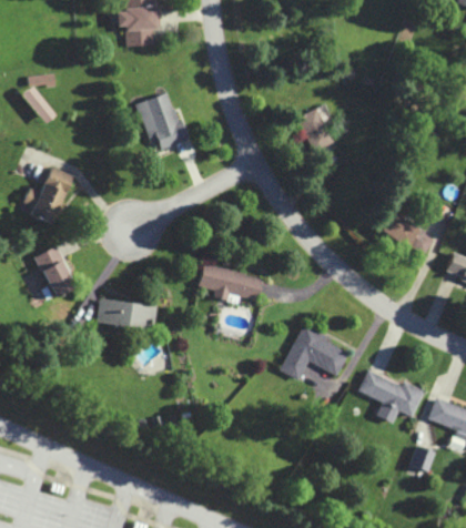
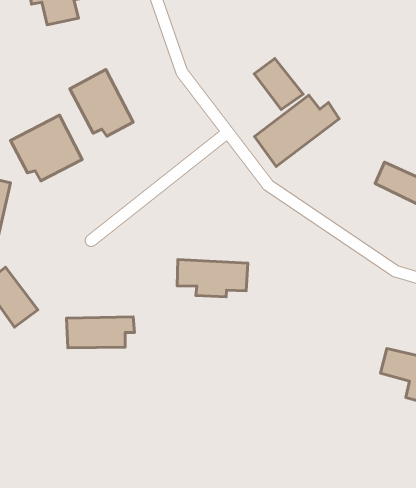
building: none -> [11,115,82,181]
building: none -> [255,95,339,166]
building: [280,324,348,379] -> none

